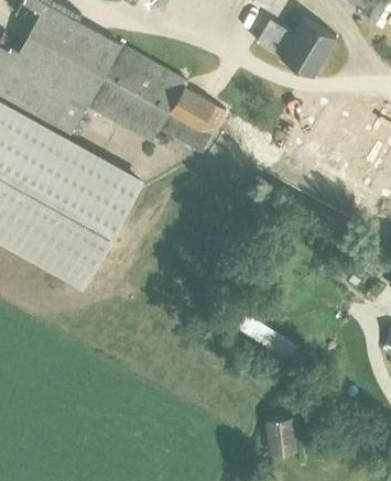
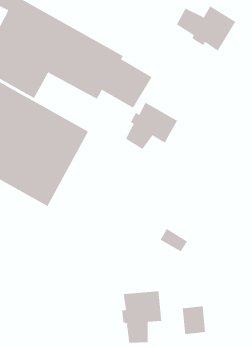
building: none -> [125,102,178,150]
building: none -> [122,290,162,343]

